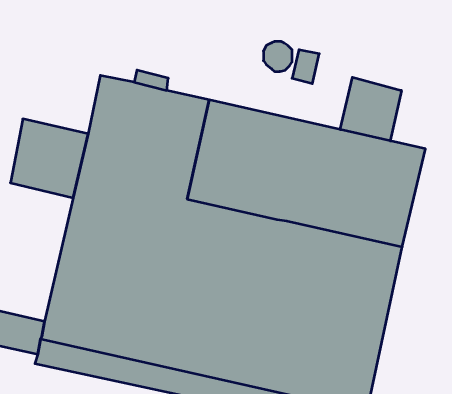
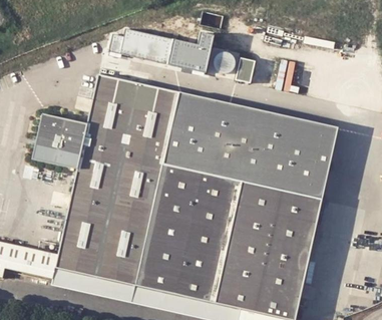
building: none -> [116,25,222,69]
building: [340,77,401,141] -> none

